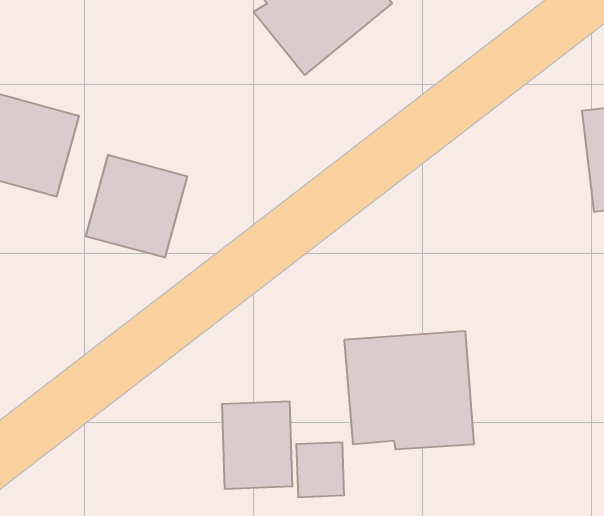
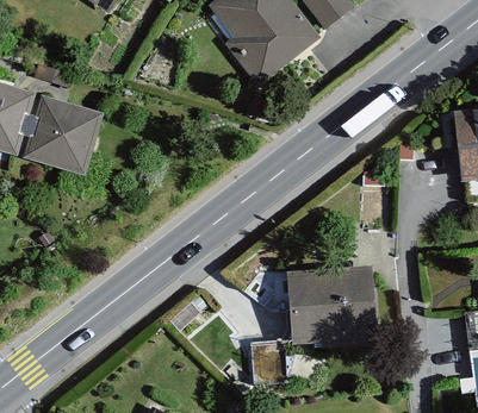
building: [86,155,187,258] -> none
building: [222,401,292,489] -> none

